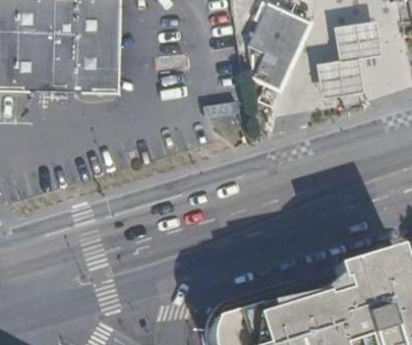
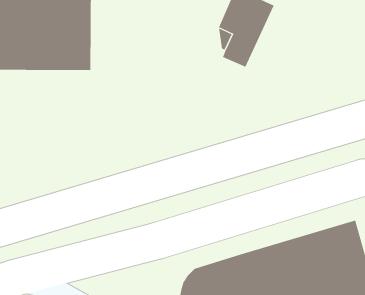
building: [317,22,382,98] -> none

